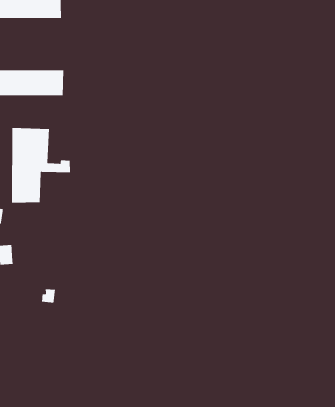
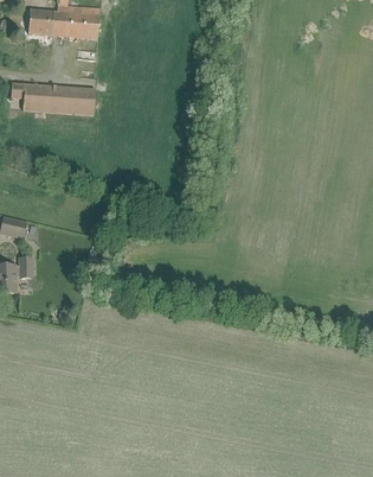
building: [11,127,71,203] -> none

